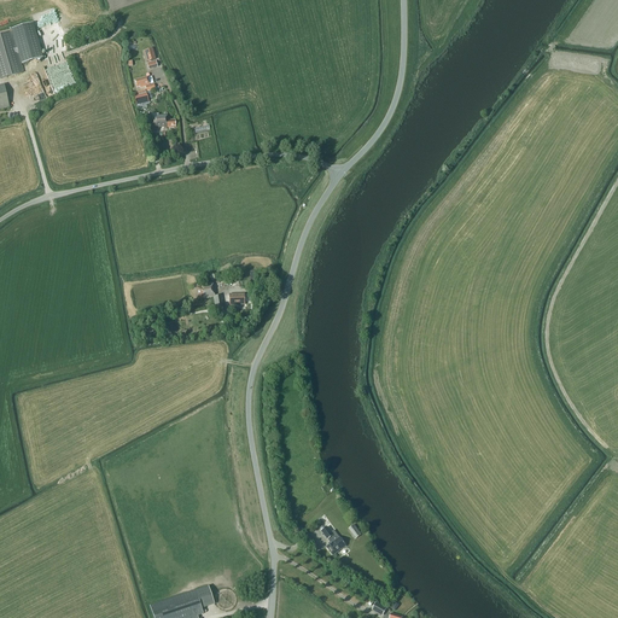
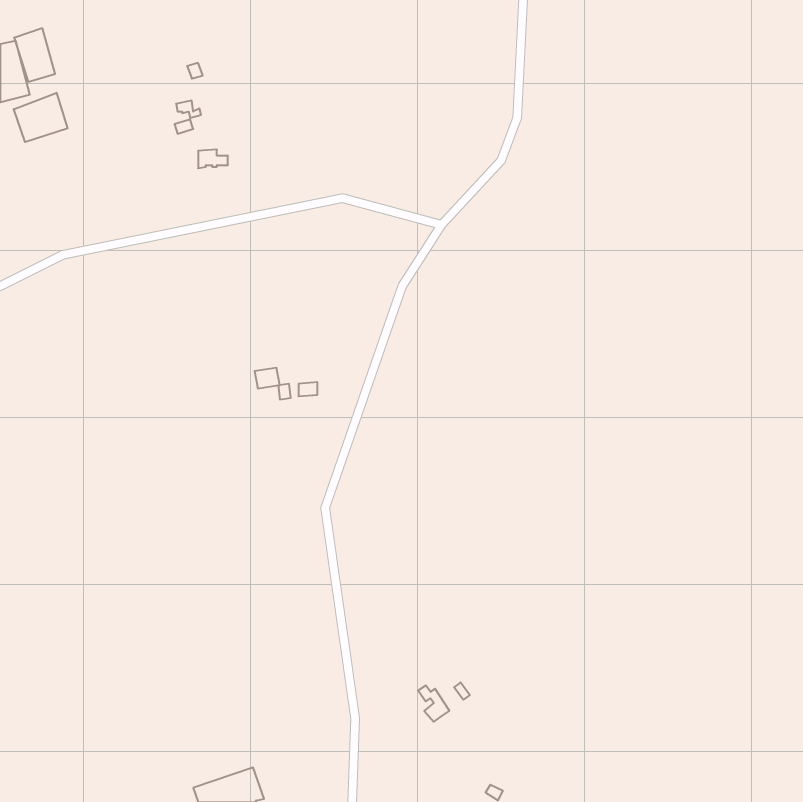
building: none -> [14,93,68,142]

